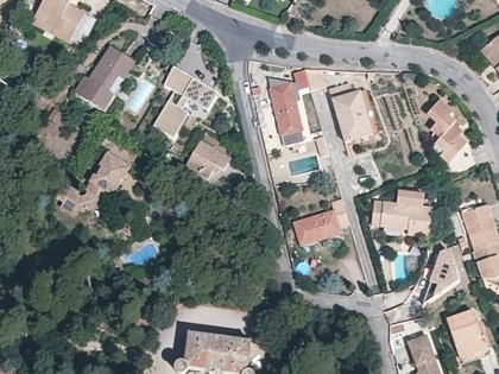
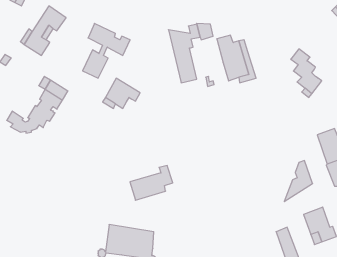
building: [371,191,432,236] -> none
building: [293,199,349,245] -> [130,166,173,200]

